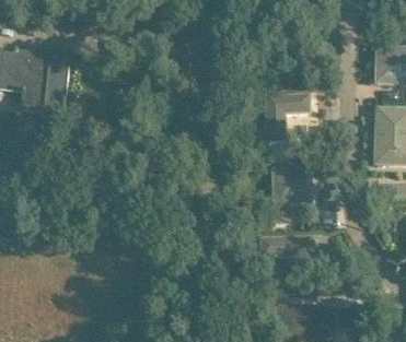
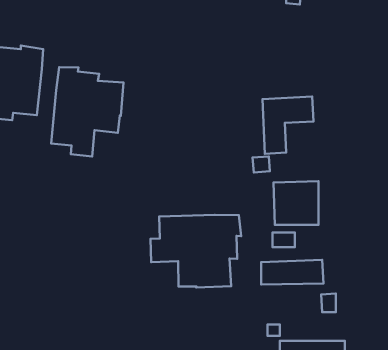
building: none -> [51,67,123,156]
building: none -> [151,215,241,288]

